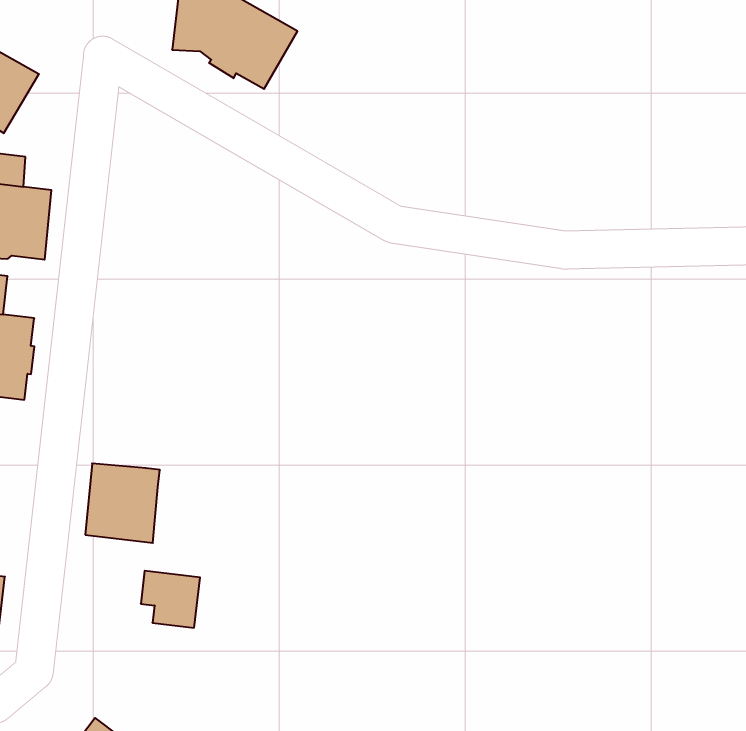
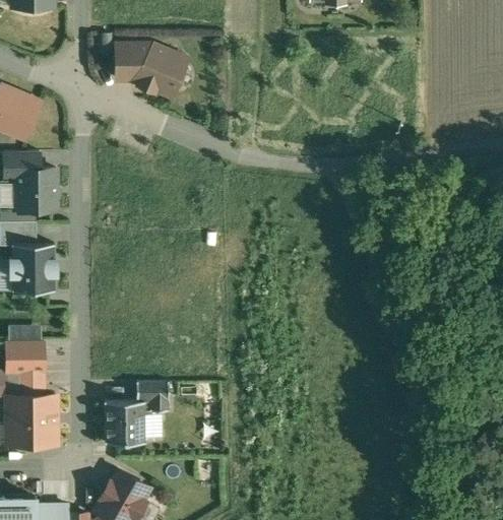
building: [85,463,160,543] -> [105,400,145,443]

